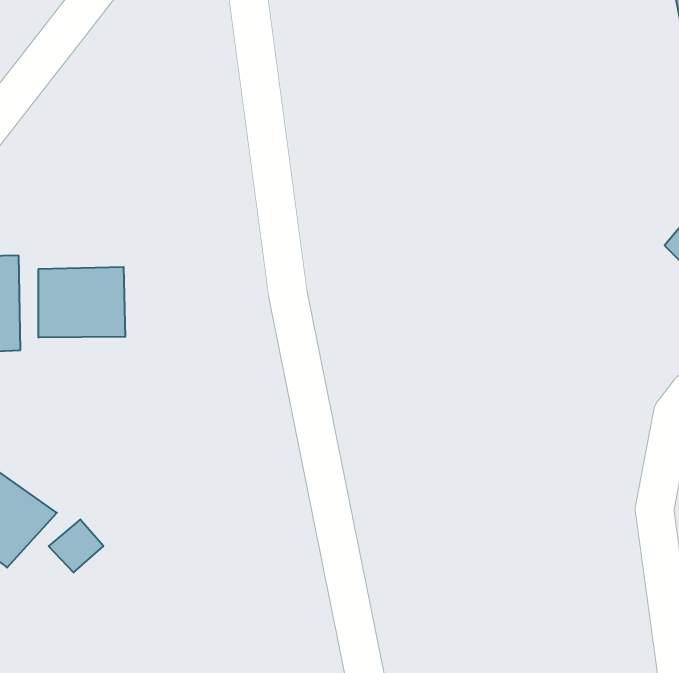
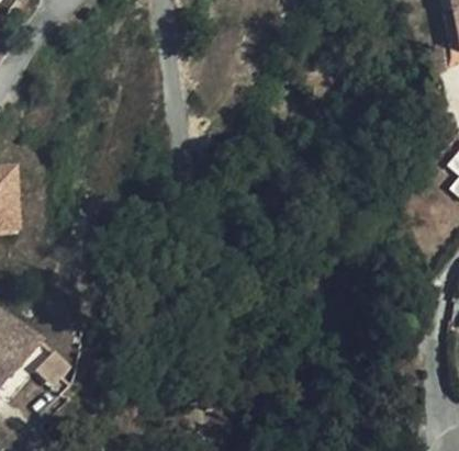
building: [39,267,125,338] -> none

